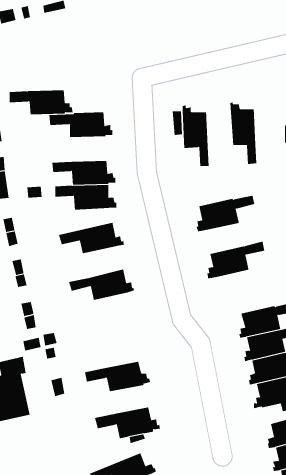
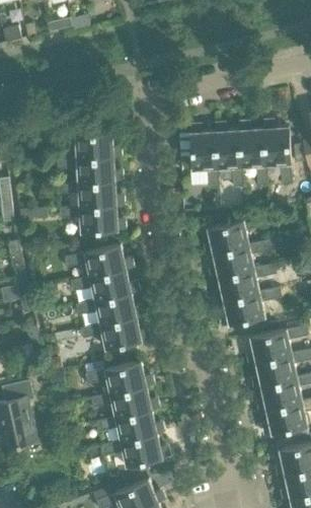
building: [9,90,73,115] -> [56,157,122,183]
building: none -> [263,121,291,185]
building: none -> [215,123,242,187]
building: none -> [210,240,269,278]
building: none -> [69,269,137,301]
building: none -> [220,288,281,325]
building: none -> [80,316,147,350]
building: none -> [85,362,153,393]
building: none -> [95,411,163,440]

